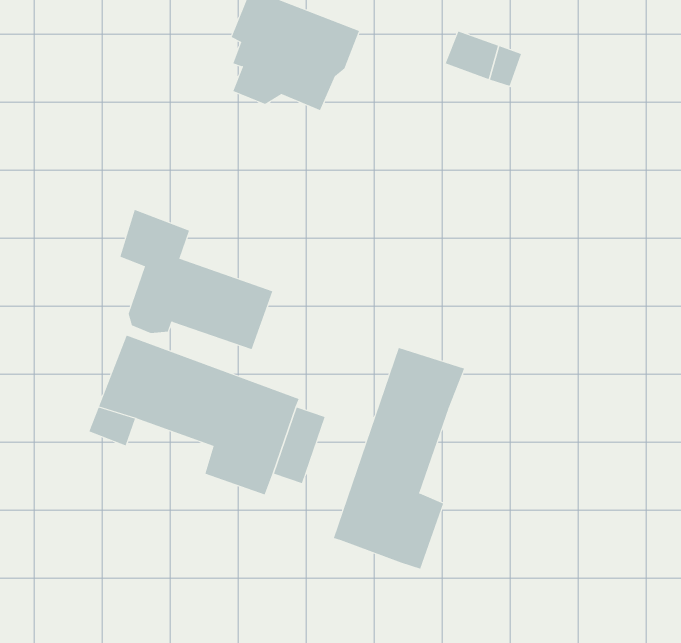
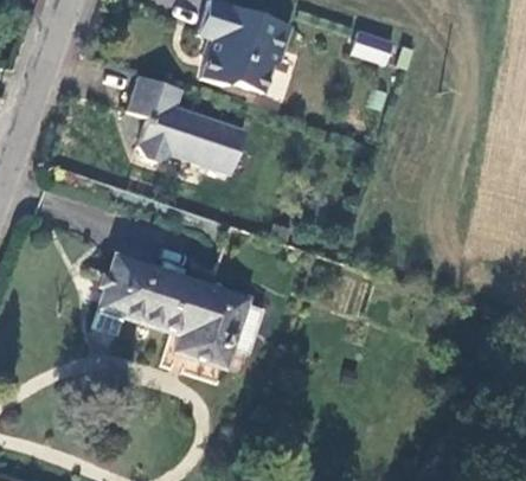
building: [120,209,273,350] -> [129,71,240,173]
building: [333,347,465,569] -> none

